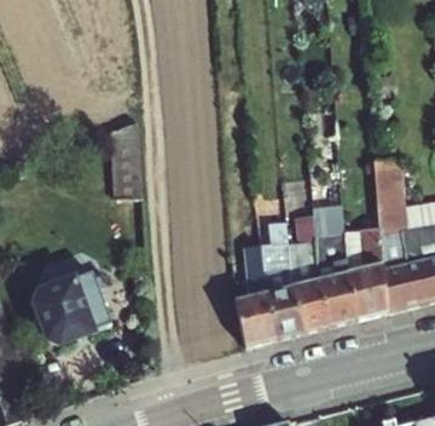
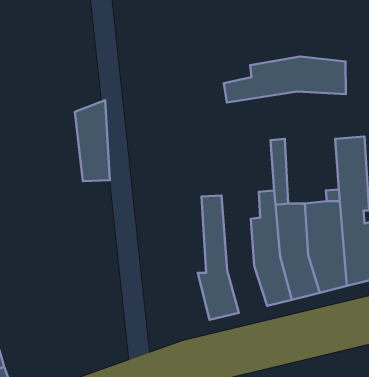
building: none -> [224,56,346,103]
building: [261,228,306,339] -> none
building: [37,270,115,340] -> none

